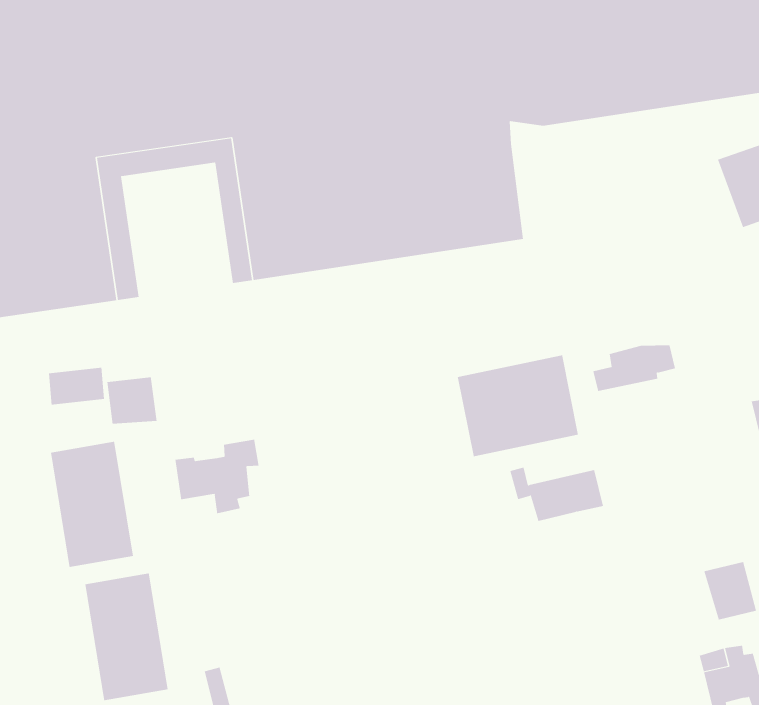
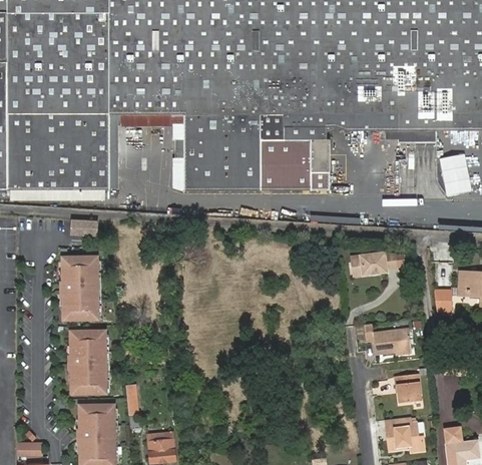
building: [457,354,578,457] -> none
building: [107,376,157,424] -> none
building: [175,439,259,514] -> none
building: [509,467,604,522] -> [366,321,413,351]

